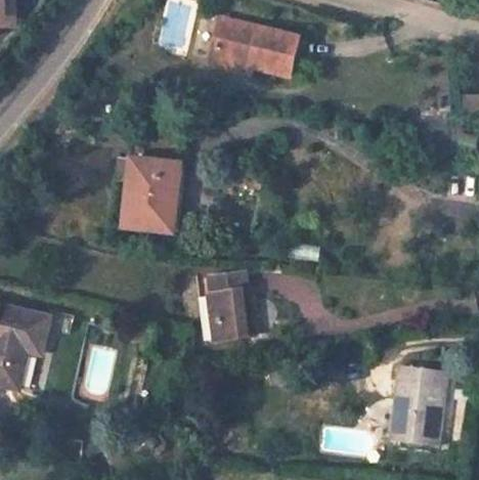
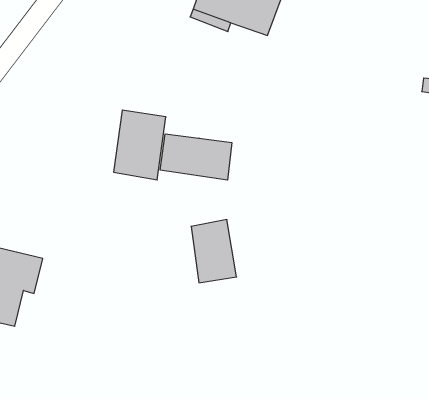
building: none -> [160,134,232,180]
building: [384,365,442,443] -> none

